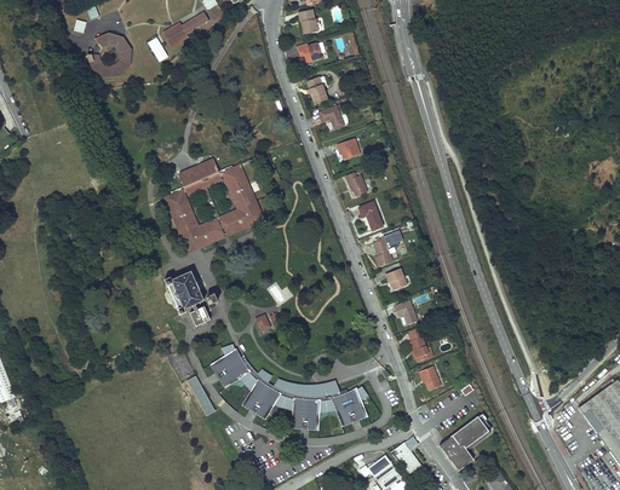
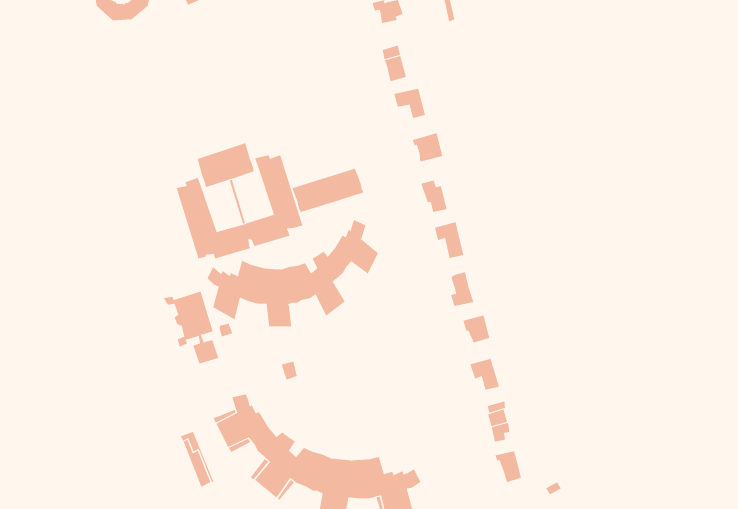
building: none -> [292,168,364,213]
building: none -> [207,219,379,327]

